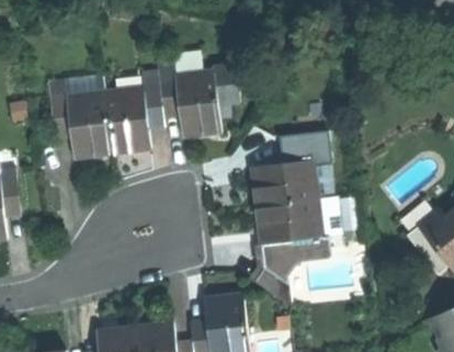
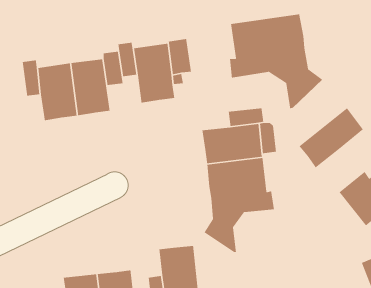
building: none -> [229,14,323,109]
building: none -> [299,107,364,168]

